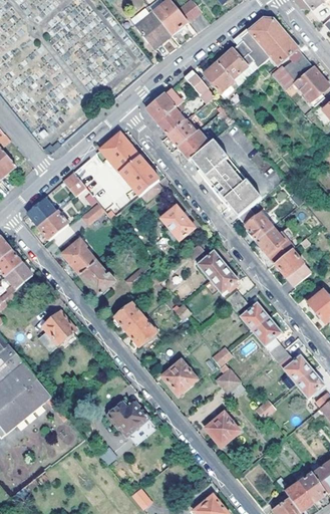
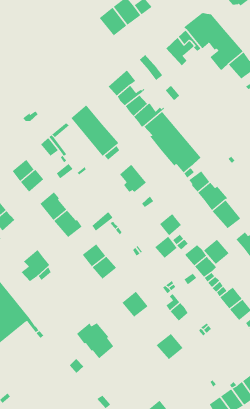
building: [200,61,238,91] -> none
building: [198,250,226,278] -> [155,236,177,259]
building: none -> [203,239,229,265]

